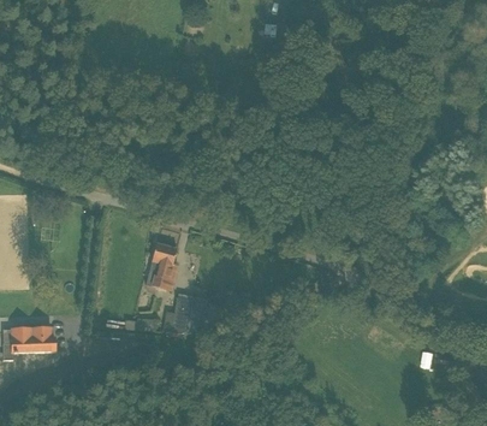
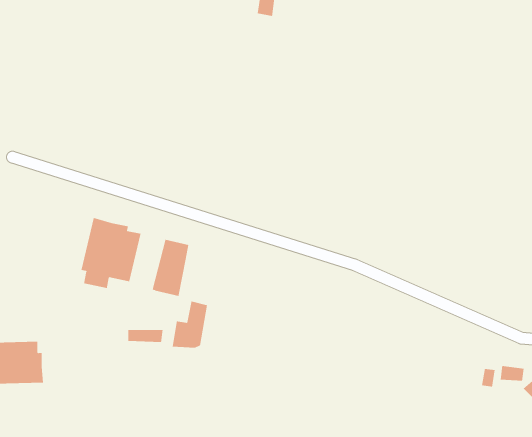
building: none -> [81,217,141,289]

